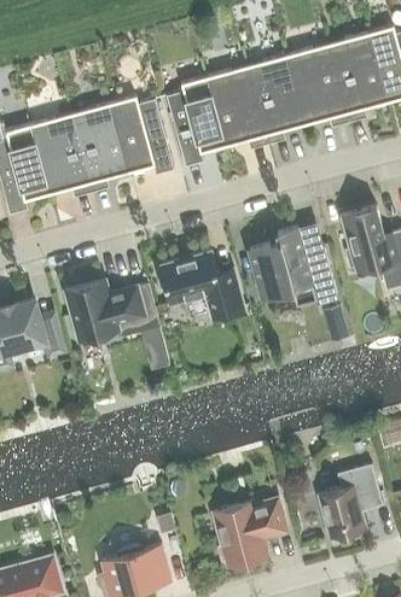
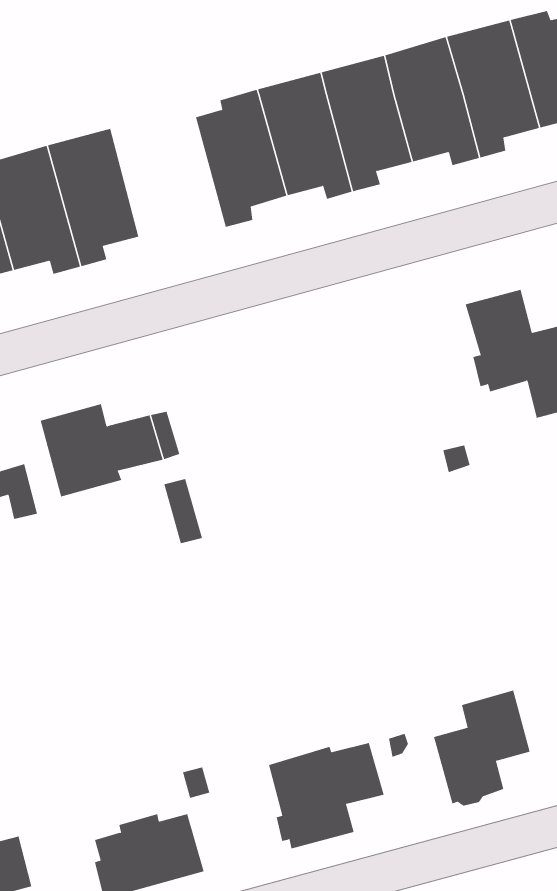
building: [111,95,174,174] -> none
building: [249,227,337,304] -> none
building: [159,250,244,317] -> none

